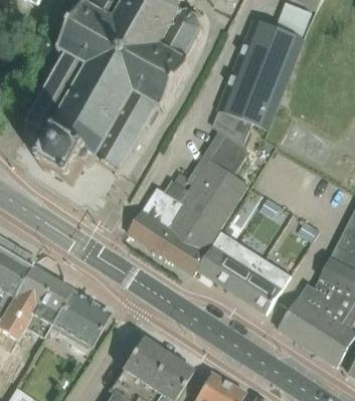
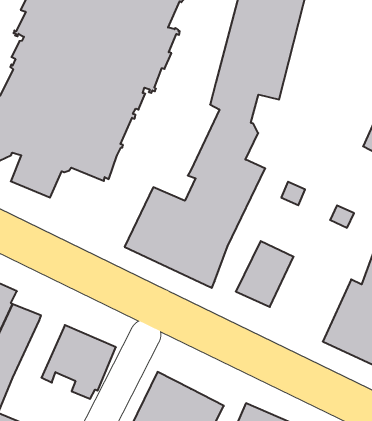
building: [197,231,238,280] -> none
building: [239,258,291,314] -> none
building: [24,284,71,339] -> none

